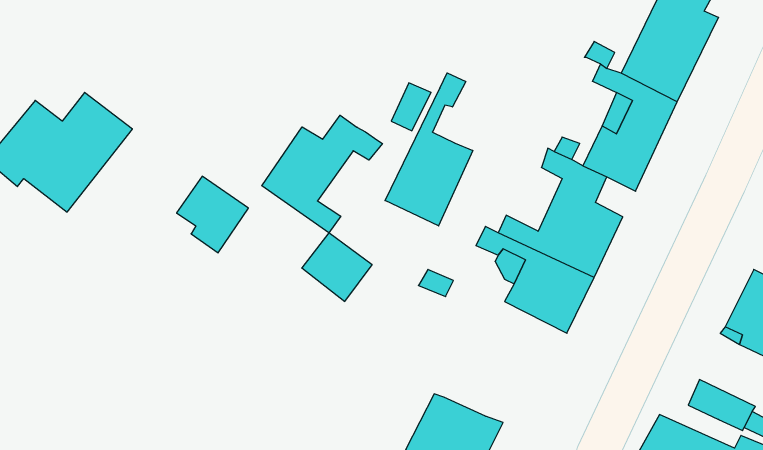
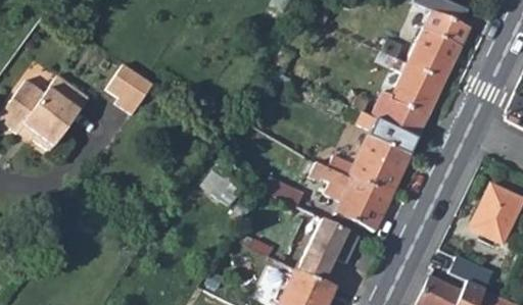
building: [385,73,473,226] -> none
building: [262,115,382,233] -> none
building: [177,176,248,253] -> [110,70,156,119]
building: none -> [294,216,356,282]

